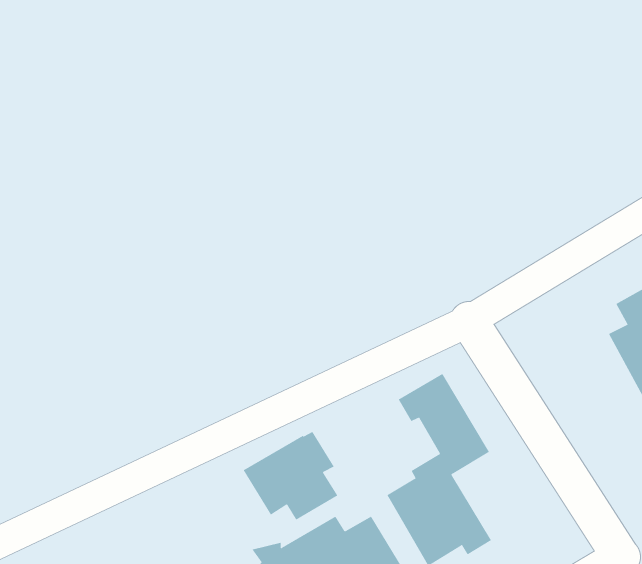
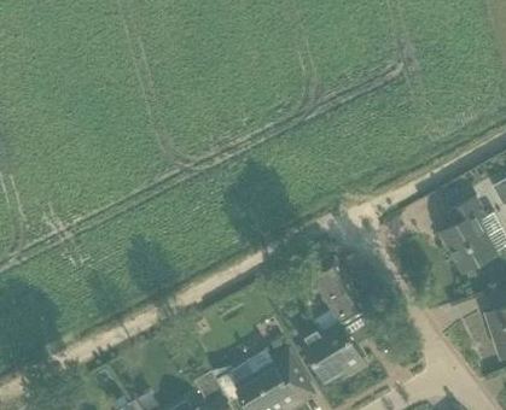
building: [243,431,338,521] -> none

